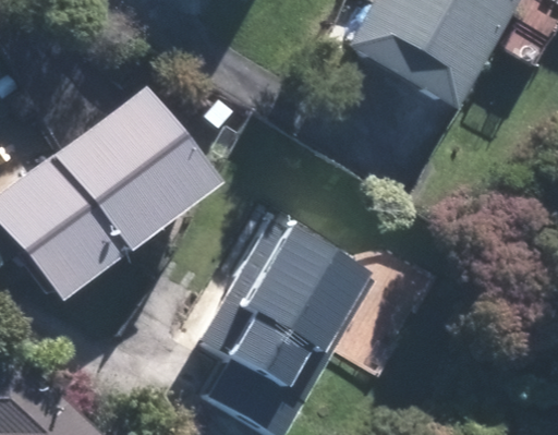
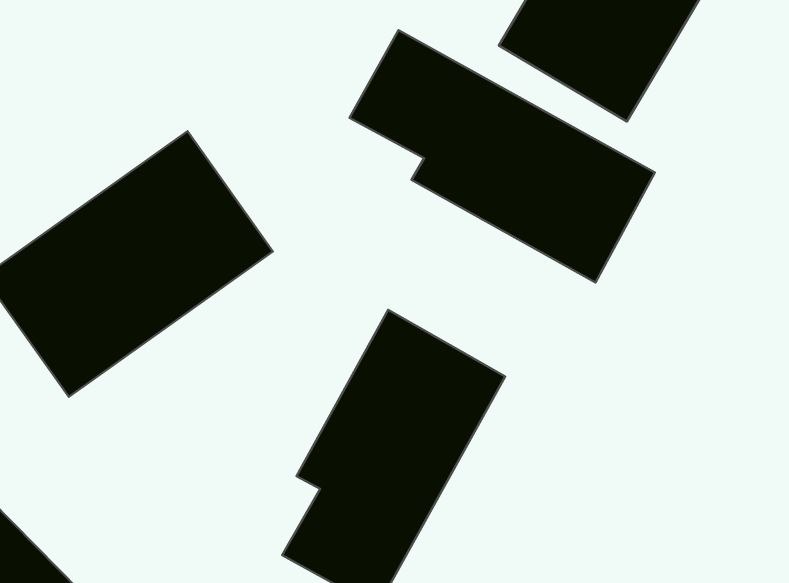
building: none -> [349,30,655,282]

